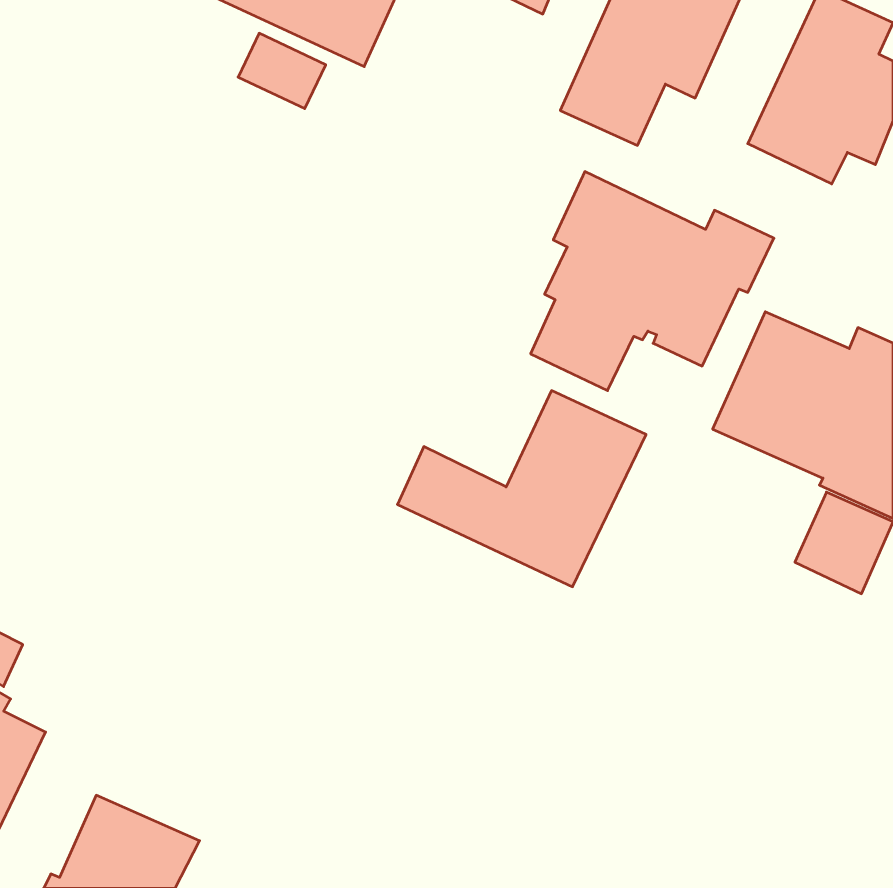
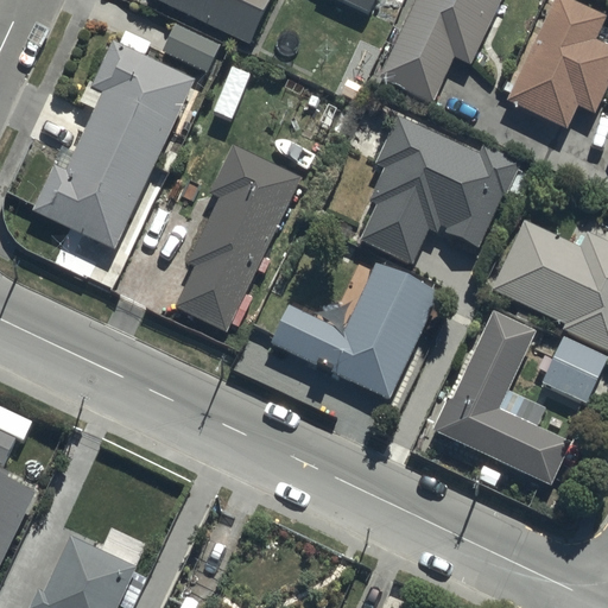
building: none -> [31,30,198,264]
building: none -> [173,141,303,332]
building: none -> [431,311,571,484]

